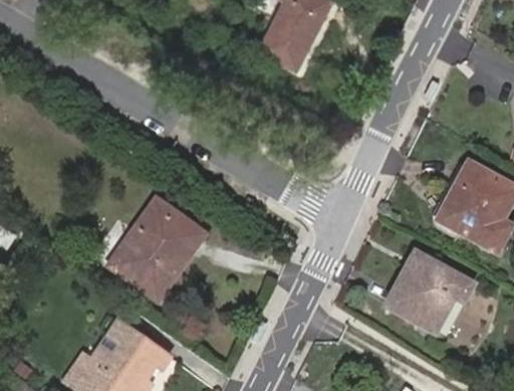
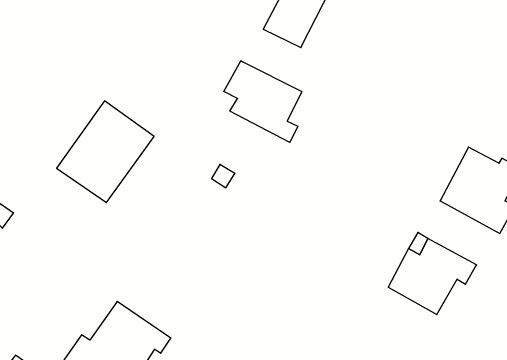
building: none -> [224,61,302,142]
building: [108,199,205,300] -> [57,101,154,203]

